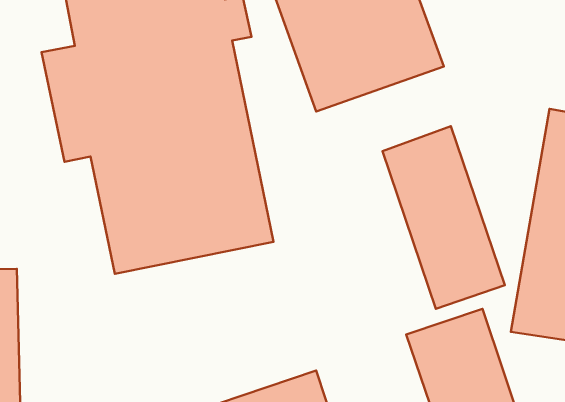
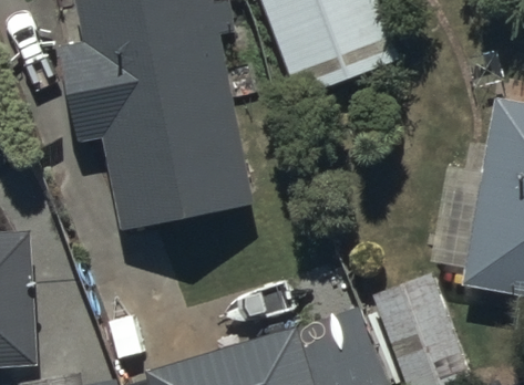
building: [382,126,505,309] -> none

